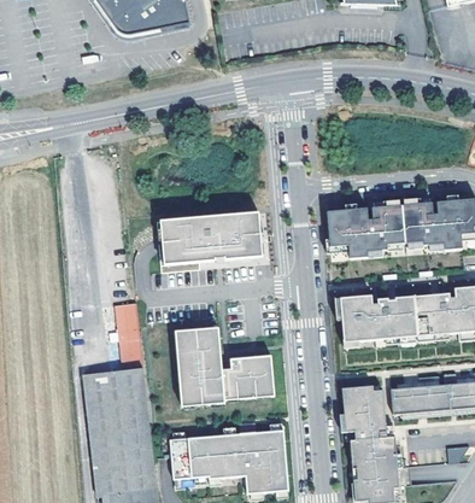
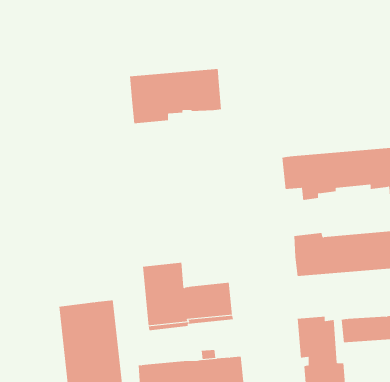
building: [154,211,256,271] -> [129,69,222,124]
building: [113,302,142,369] -> none

